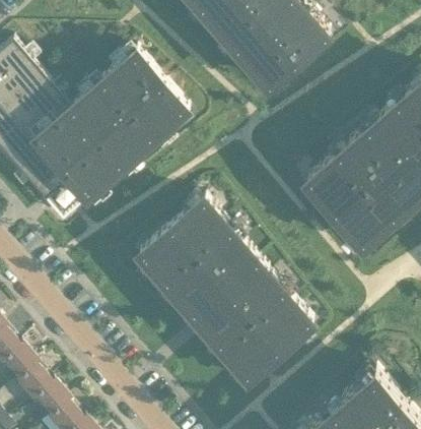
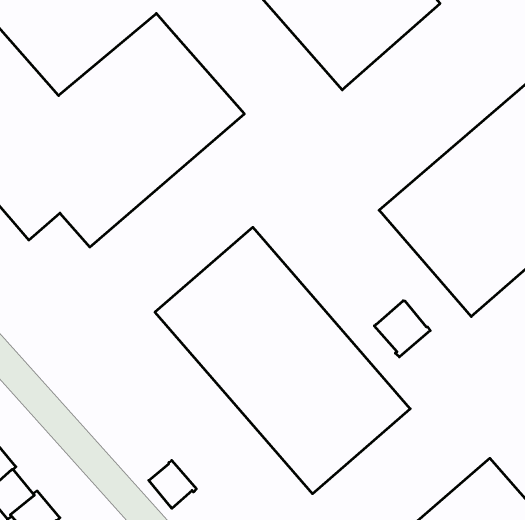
building: none -> [374,301,430,357]
building: none -> [149,460,196,508]

